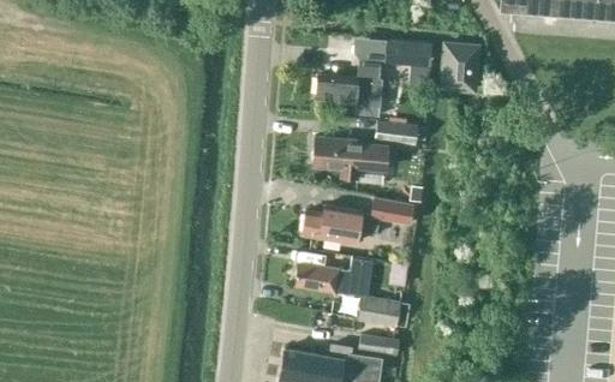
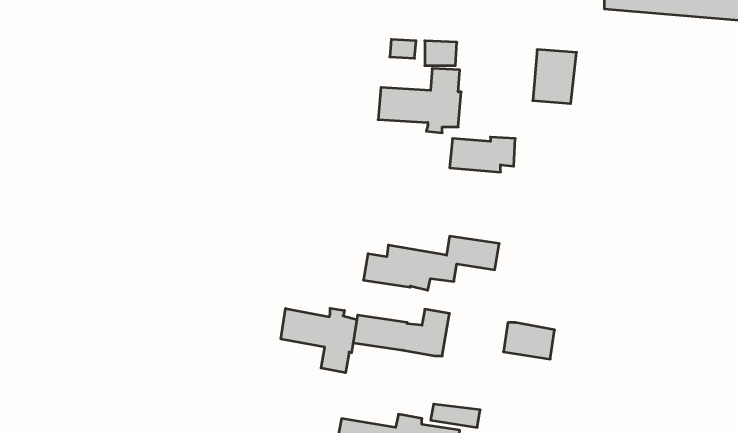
building: [386,37,434,89] -> none
building: [311,136,390,180] -> none
building: none -> [281,308,357,373]
building: [359,296,401,326] -> [503,323,555,359]

